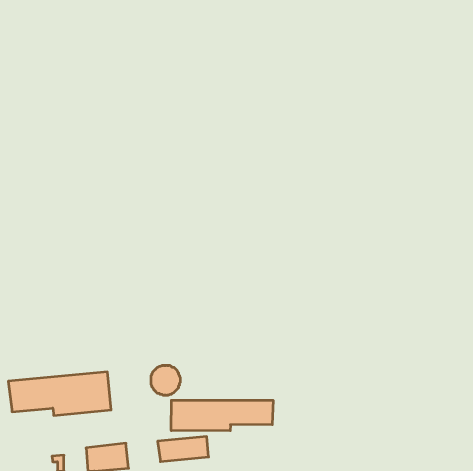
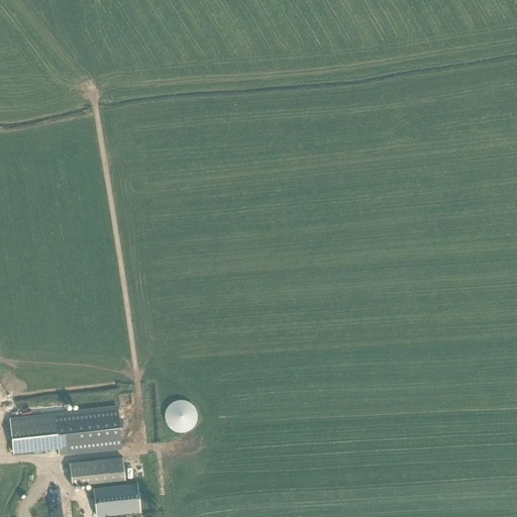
building: [171,400,273,431] -> none
building: [158,437,209,462] -> [69,456,124,484]

